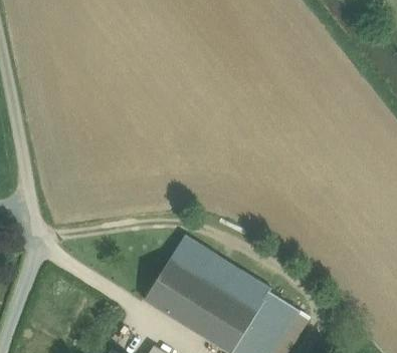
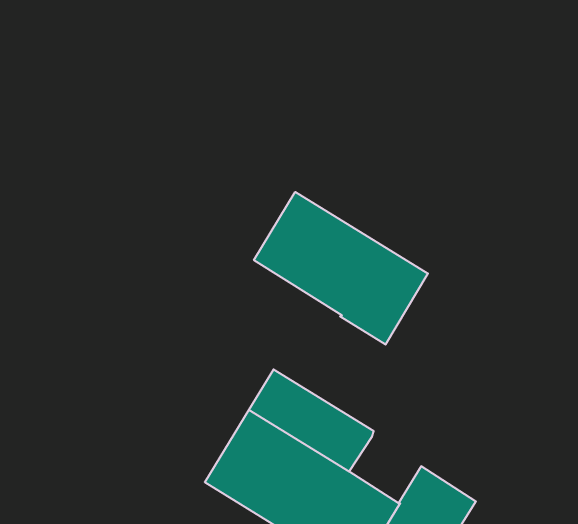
building: none -> [254,192,428,345]
building: [228,274,269,312] -> none

